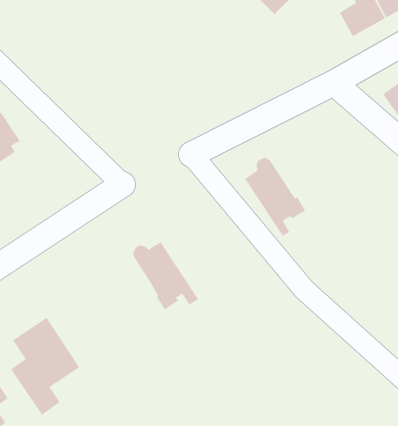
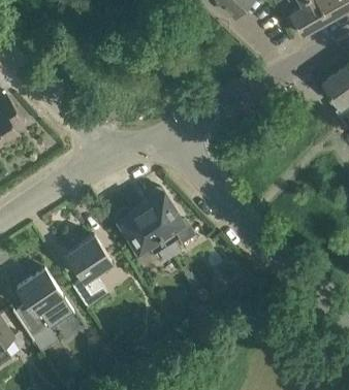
building: [244,157,306,237] -> [139,188,191,255]
building: none -> [66,236,110,306]

